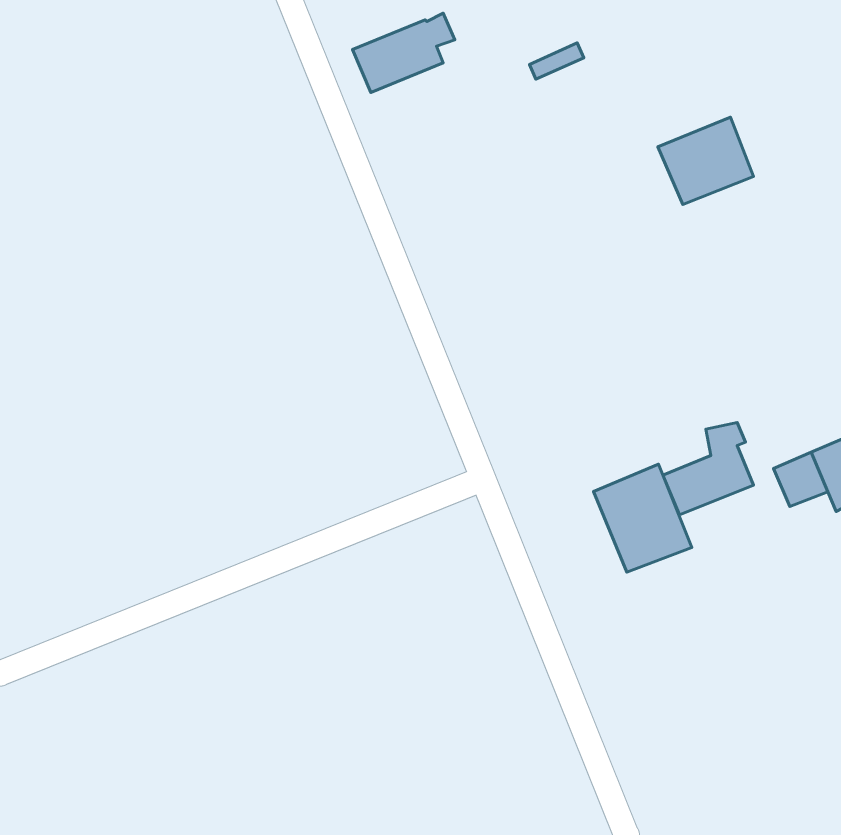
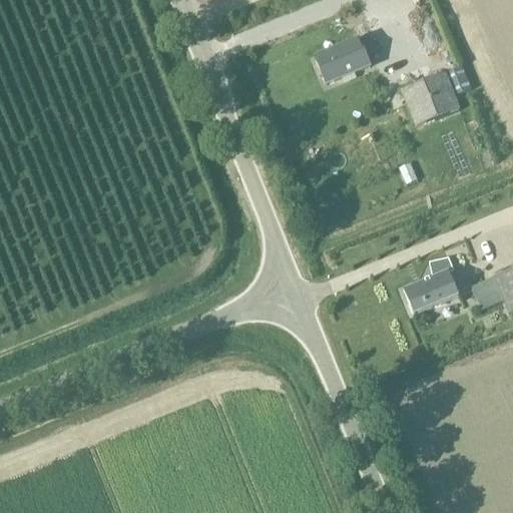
building: [353,13,455,93] -> [315,33,377,81]
building: [594,464,692,572] -> none

